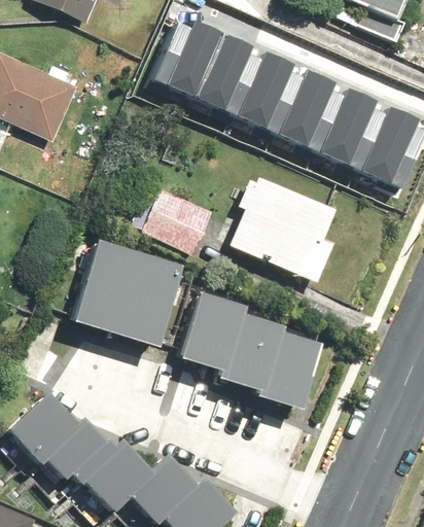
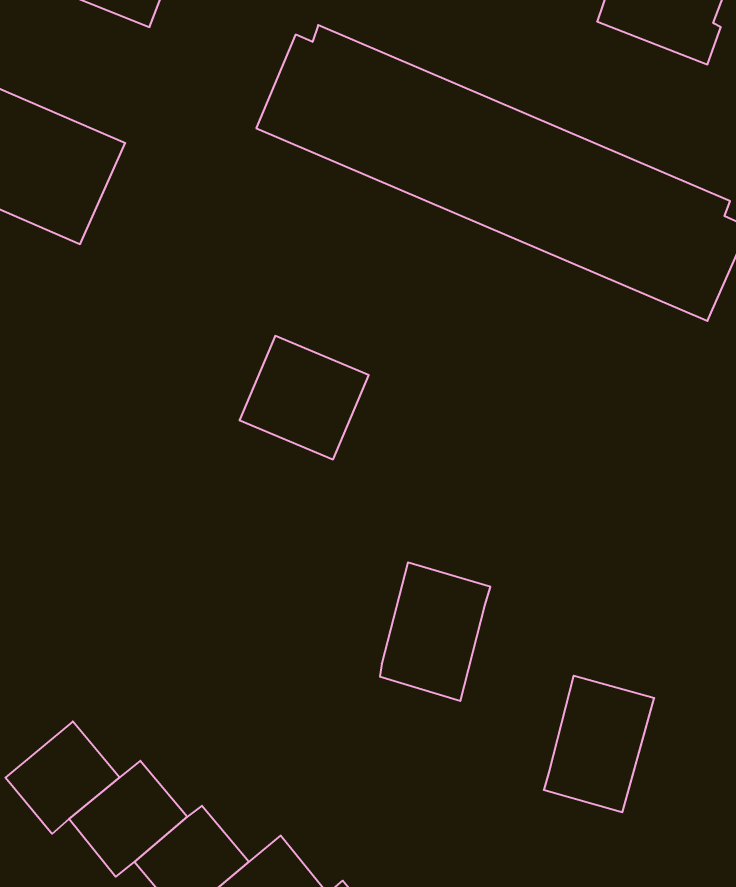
building: [231,174,339,280] -> none
building: [71,242,182,348] -> none
building: [174,294,235,370] -> none
building: [258,338,319,413] -> [544,676,654,812]

